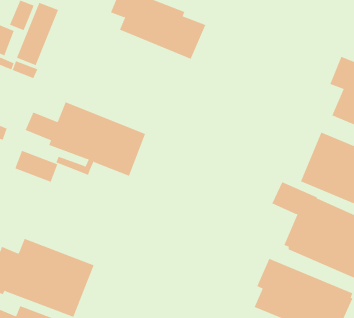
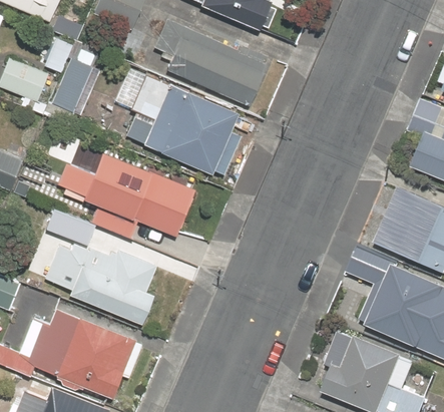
building: none -> [128,78,241,174]
building: none -> [46,244,157,325]

